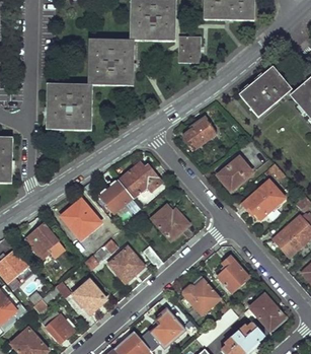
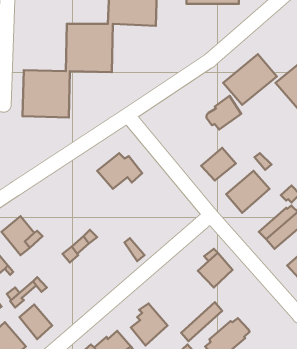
building: [178,36,199,61] -> none
building: [181,117,215,149] -> [206,96,241,130]
building: [99,181,133,214] -> none
building: [60,199,100,238] -> none
building: [150,202,187,239] -> none
building: [108,245,144,282] -> none
building: [73,279,106,313] -> none
building: [183,279,221,313] -> none
building: [243,293,284,334] -> none

